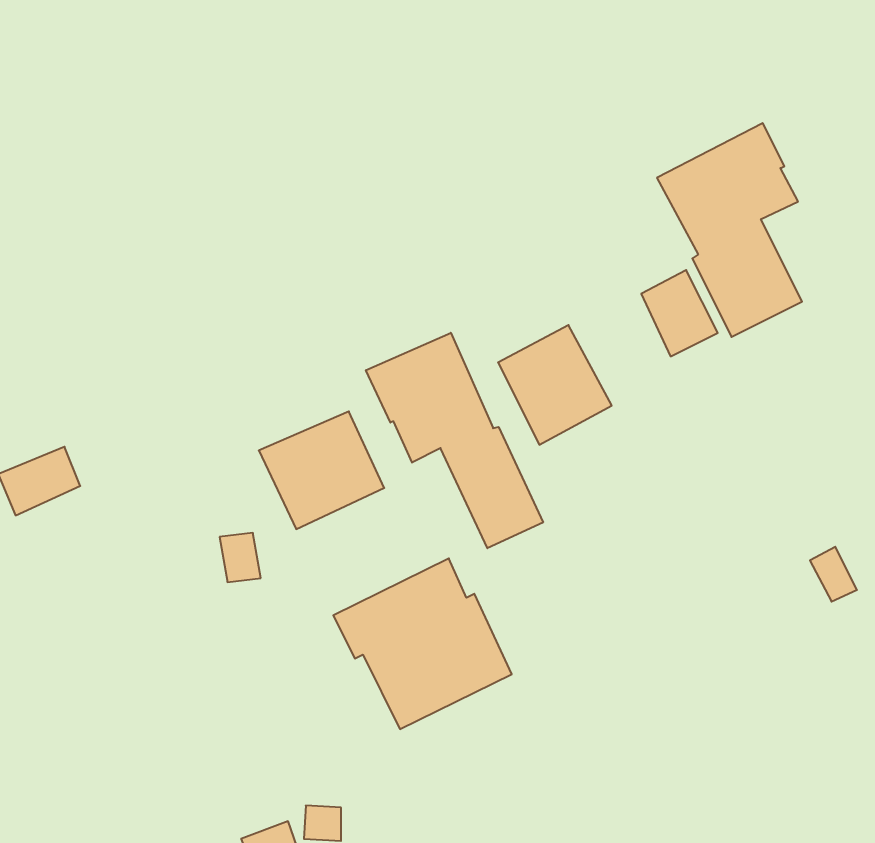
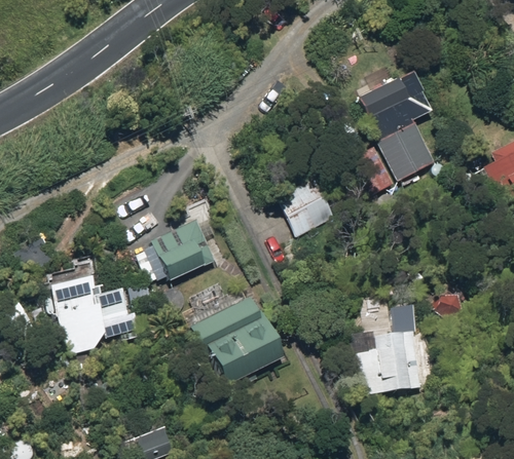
building: [366,333,543,548] -> none
building: none -> [52,276,138,353]
building: none -> [352,331,421,394]

